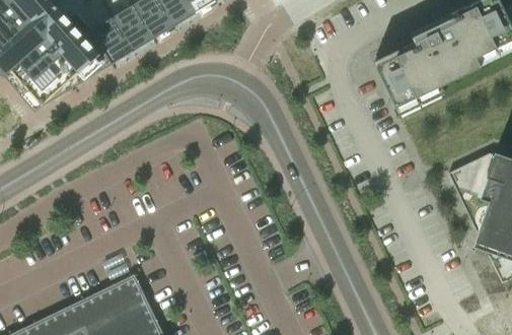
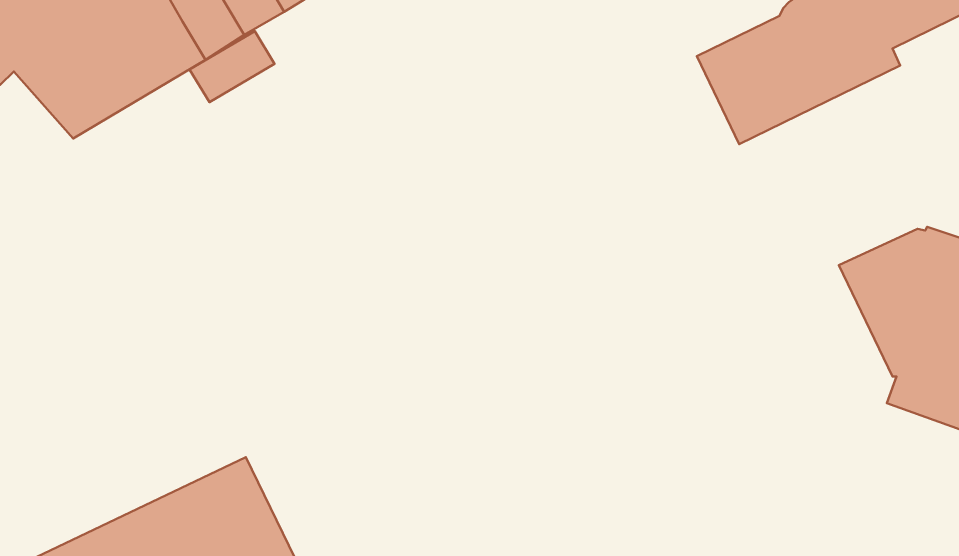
building: none -> [190,31,275,102]

